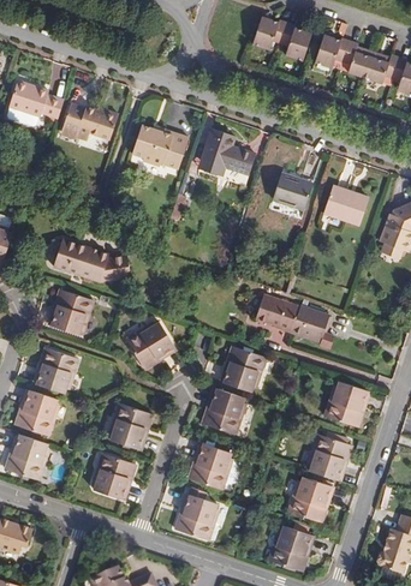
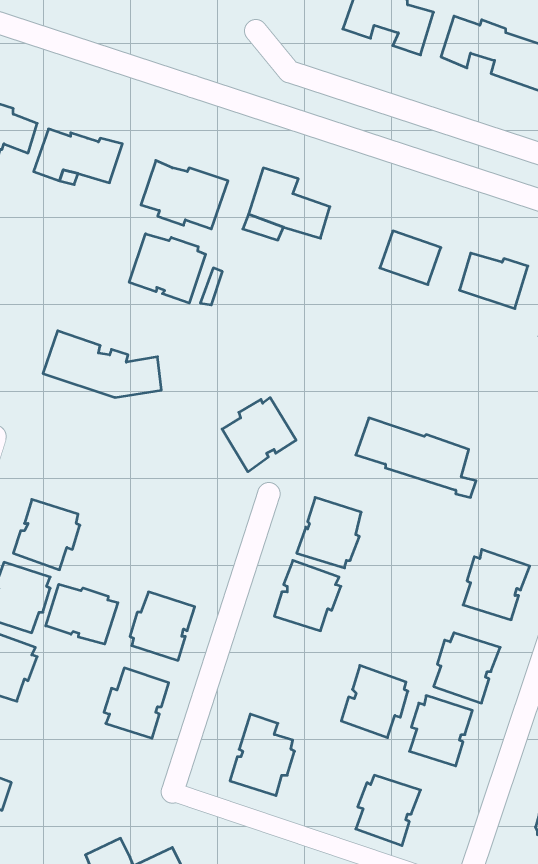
building: none -> [129,234,206,303]
building: [48,286,91,331] -> none
building: [129,321,177,369] -> [222,398,296,472]
building: none -> [46,584,118,644]
building: [190,440,233,486] -> [341,665,408,738]

